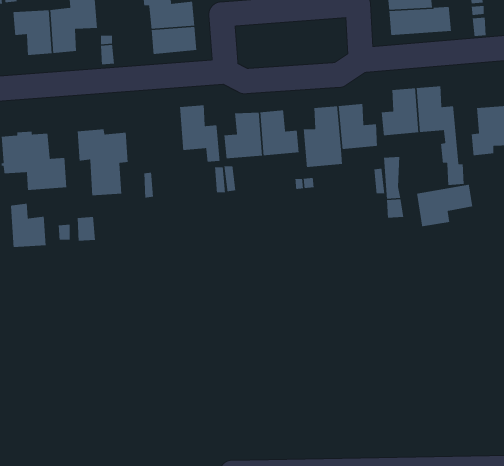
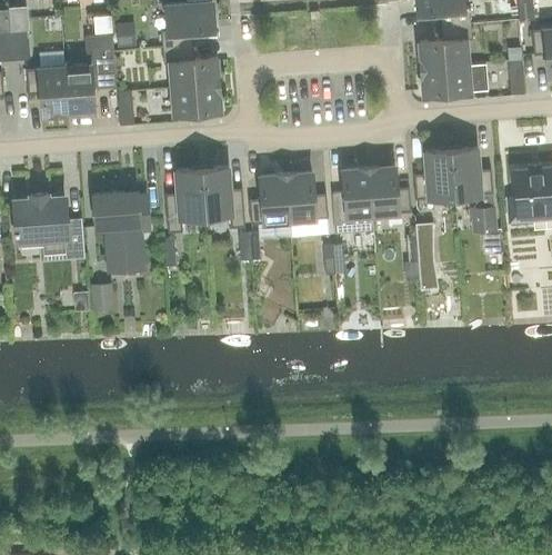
building: none -> [165,169,205,232]
building: [416,184,473,227] -> none
building: [9,203,47,248] -> none

